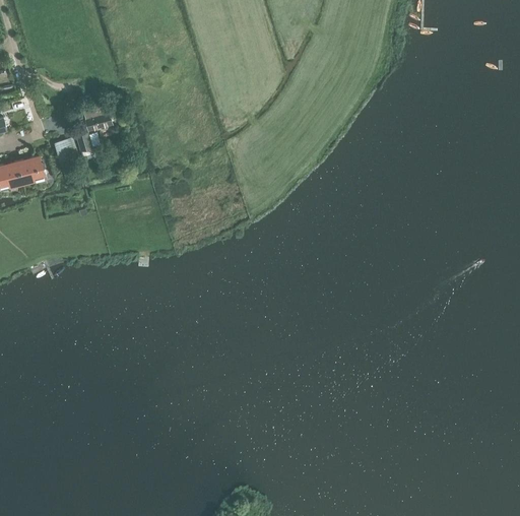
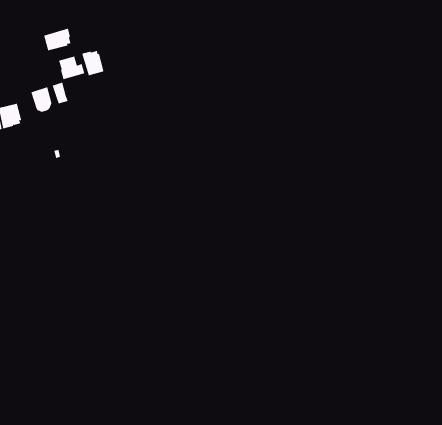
building: none -> [43,28,71,51]
building: none -> [82,50,104,76]

